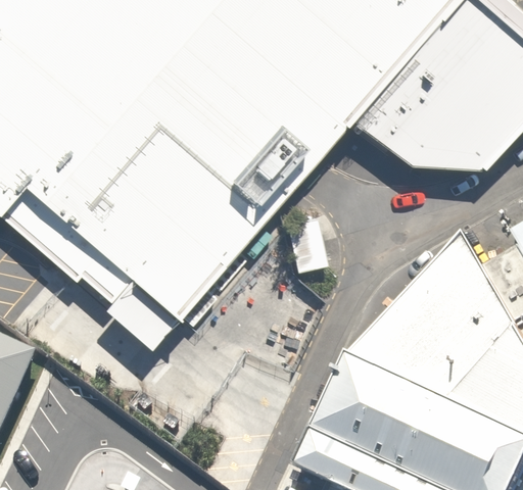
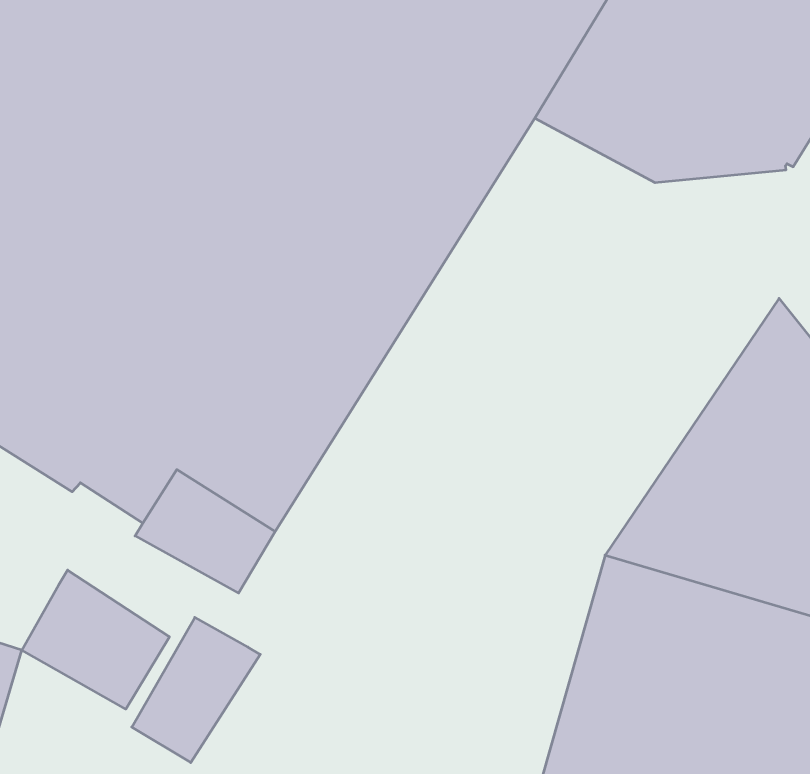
building: none -> [22,570,169,709]
building: none -> [132,617,260,763]

